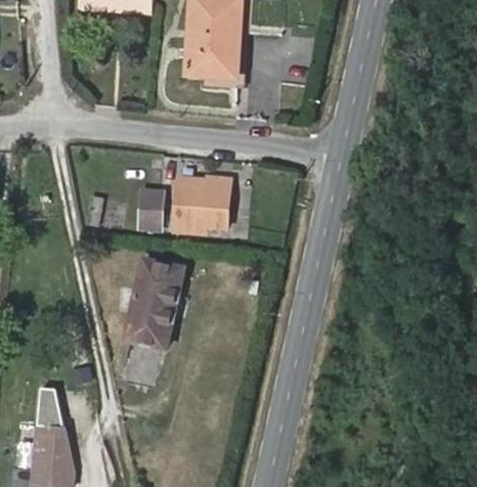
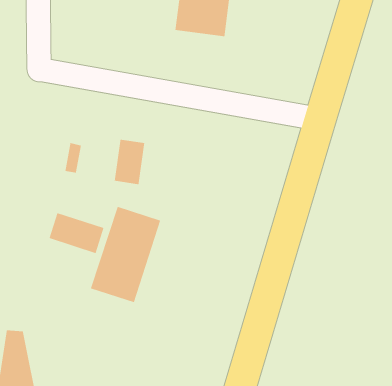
building: [170,175,231,237] -> none
building: none -> [48,212,104,254]

